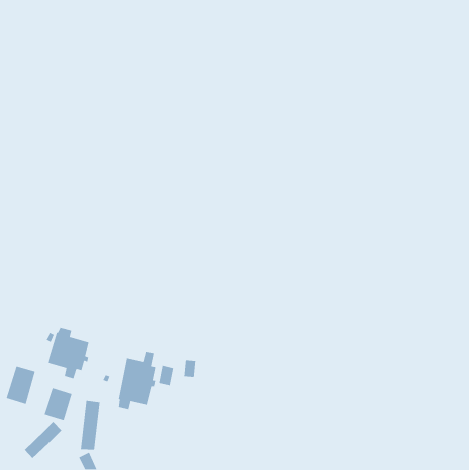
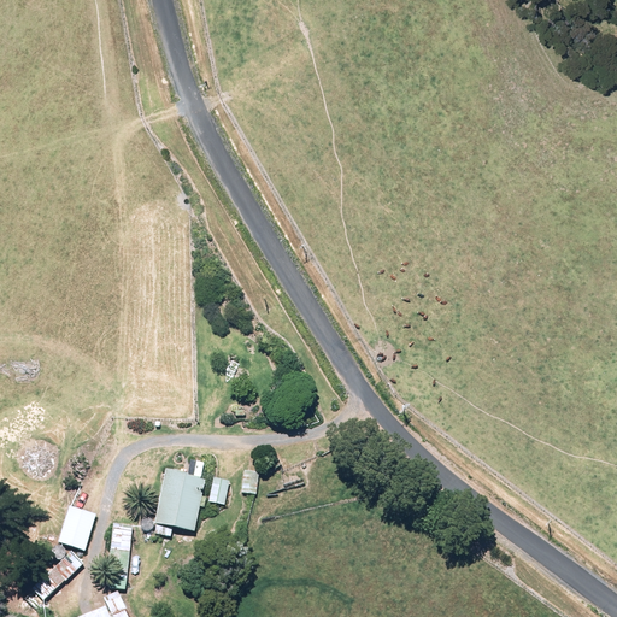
building: [47,327,89,379] -> none
building: [6,365,36,405] -> none

